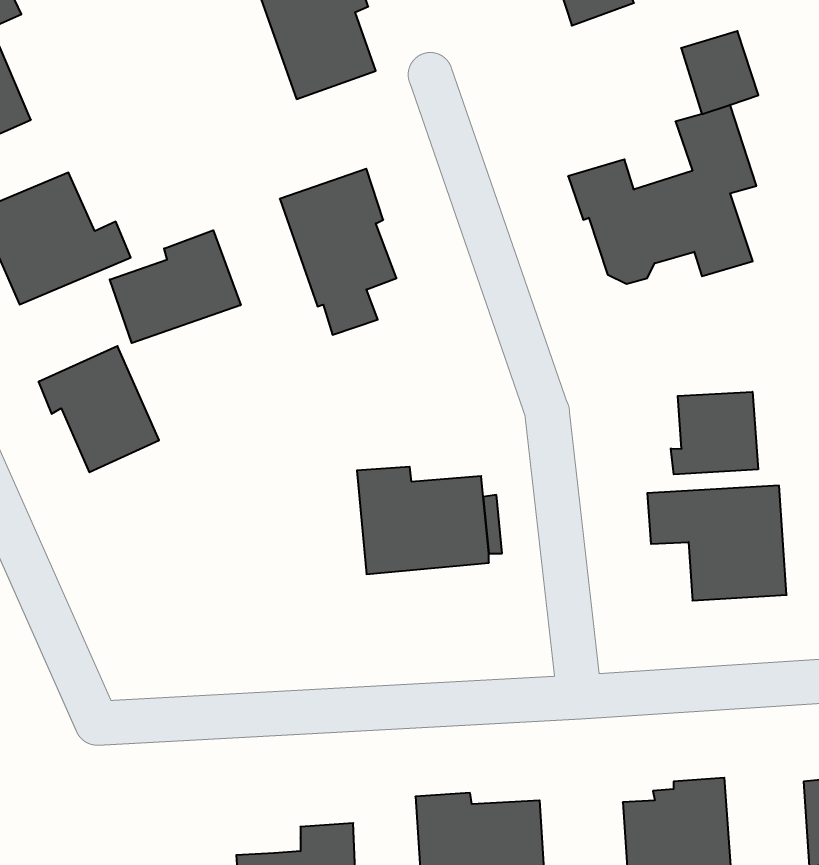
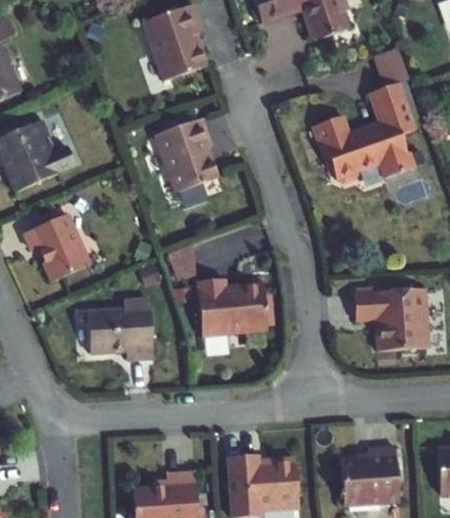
building: [110,230,241,343] -> none
building: [671,392,758,474] -> none
building: none -> [87,299,152,359]

